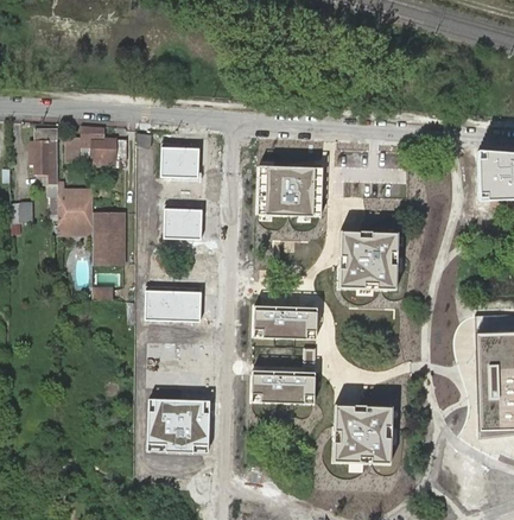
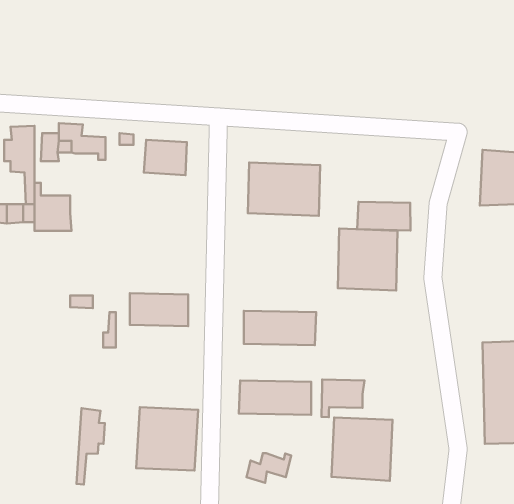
building: [163,203,203,236] -> none
building: none -> [357,202,410,230]
building: [90,214,121,260] -> none
building: none -> [322,380,364,417]
building: none -> [77,408,105,484]
building: none -> [246,453,291,483]

